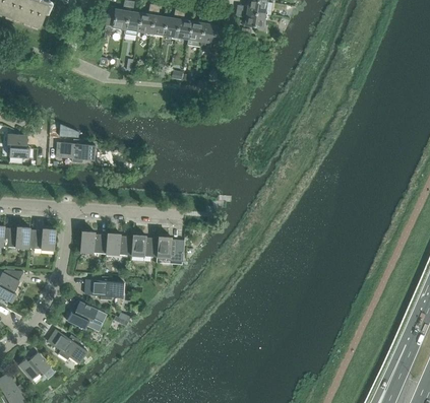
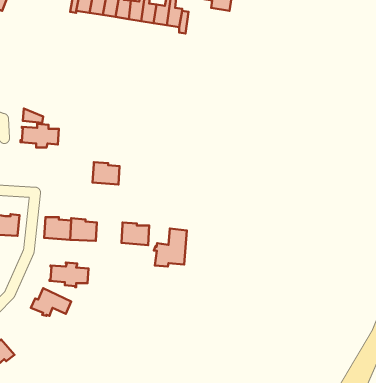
building: [130,234,157,257] -> [93,162,119,185]
building: none -> [154,229,187,267]
building: [47,330,86,362] -> none

